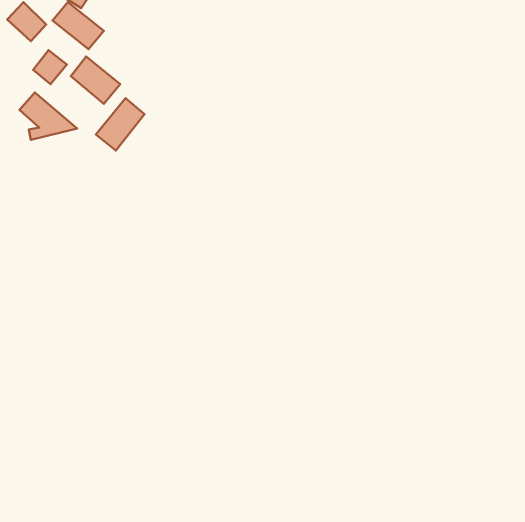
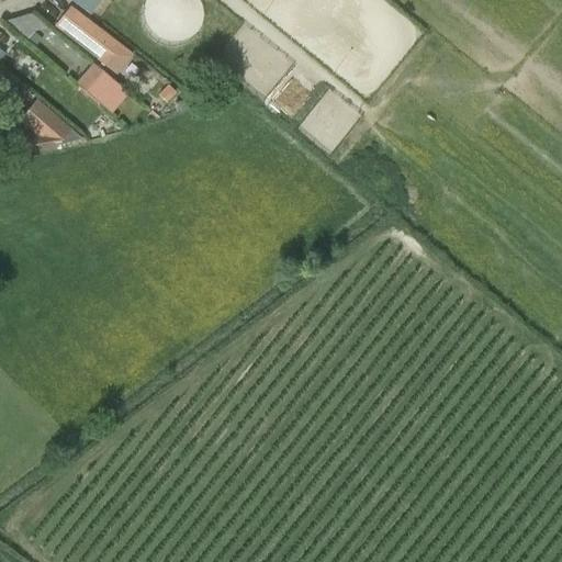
building: [33,50,67,84] -> [97,35,133,71]
building: [96,98,145,150] -> none

